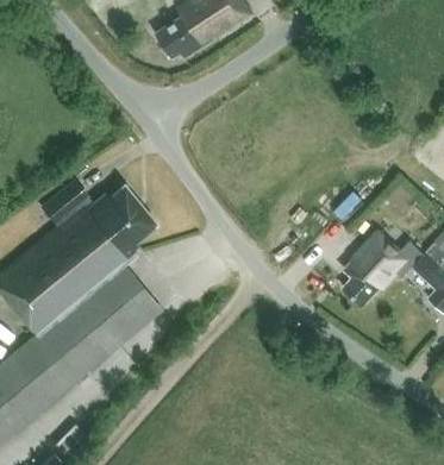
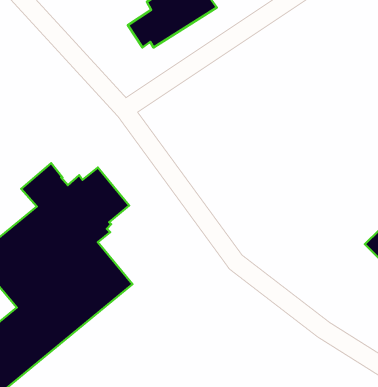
building: [343,233,407,306] -> none

